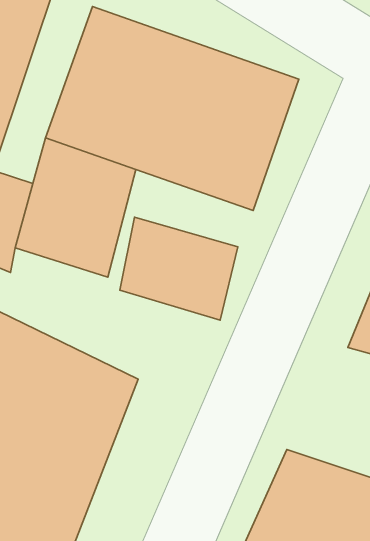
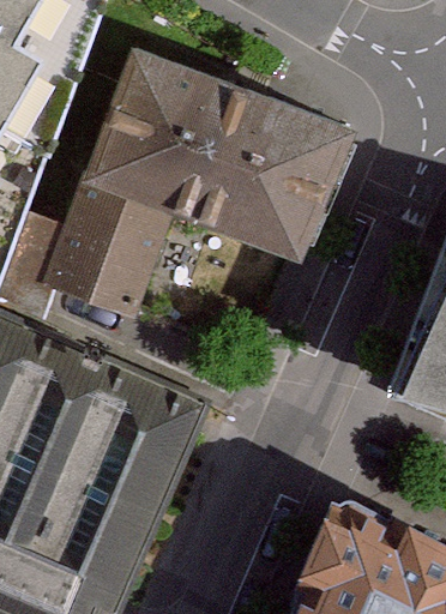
building: [120,217,238,320] -> none

